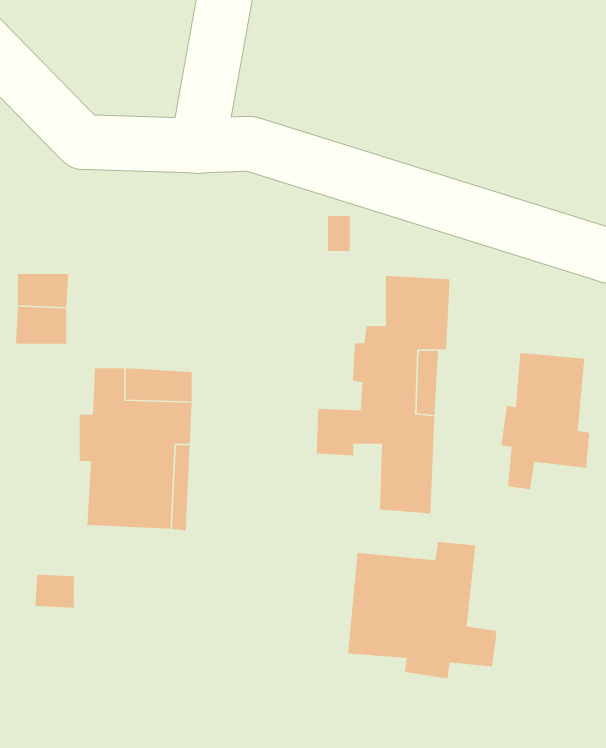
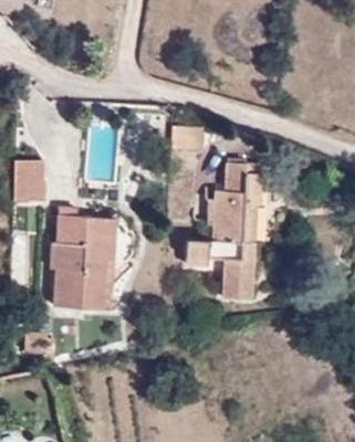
building: [501,352,590,490] -> none
building: [347,541,497,679] -> none

